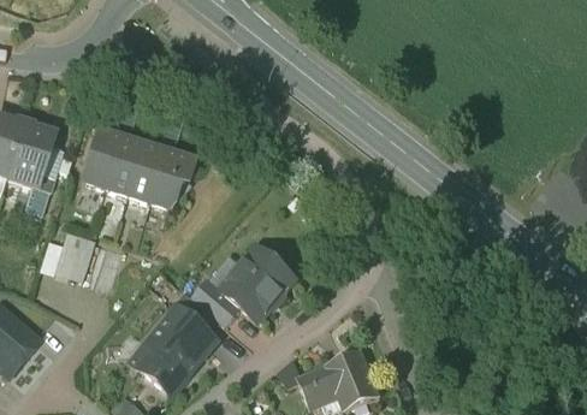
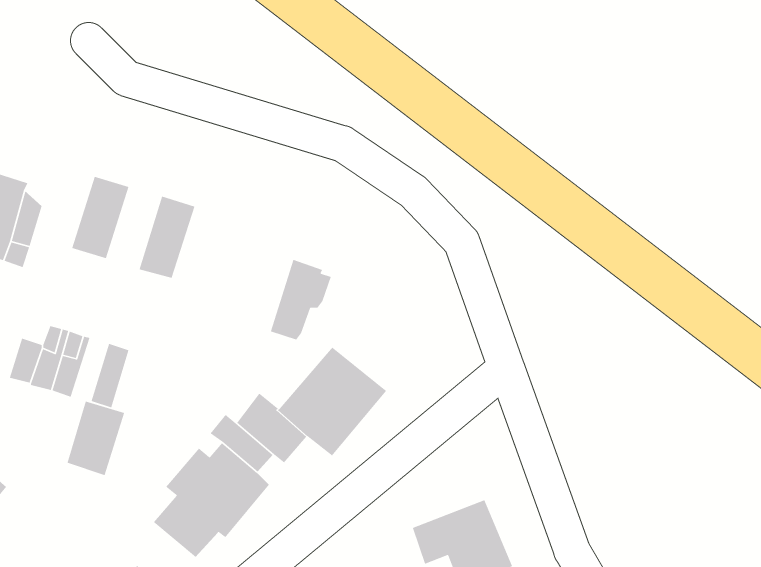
building: [105,138,142,195] -> none
building: [149,152,191,207] -> [270,259,332,341]
building: none -> [66,400,125,476]

